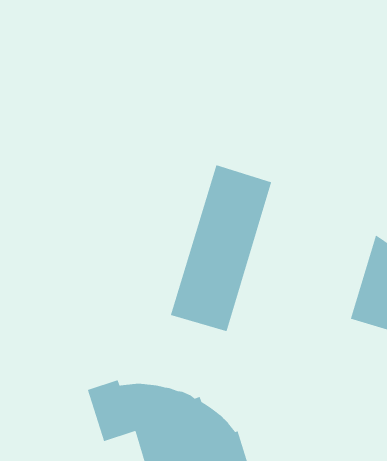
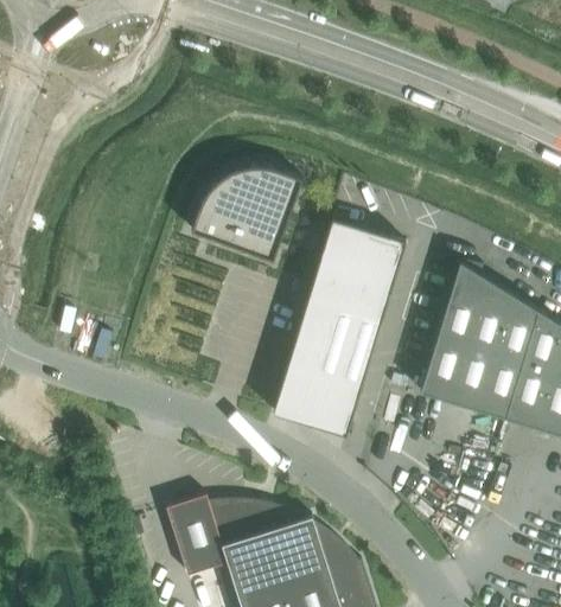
building: none -> [191,167,302,261]
building: none -> [420,258,537,418]

